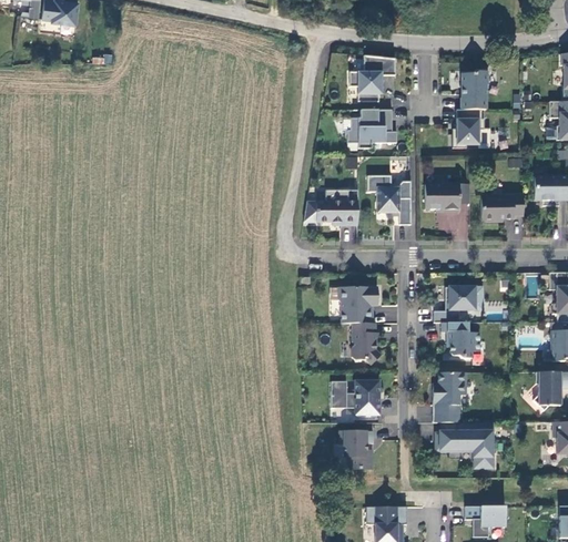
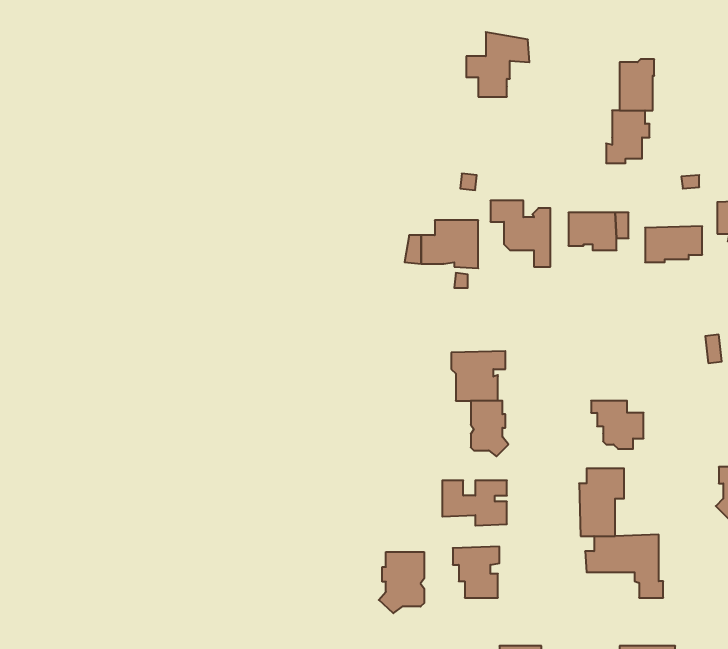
building: [347,110,397,149] -> none
building: [434,288,483,324] -> none
building: none -> [379,552,424,613]

